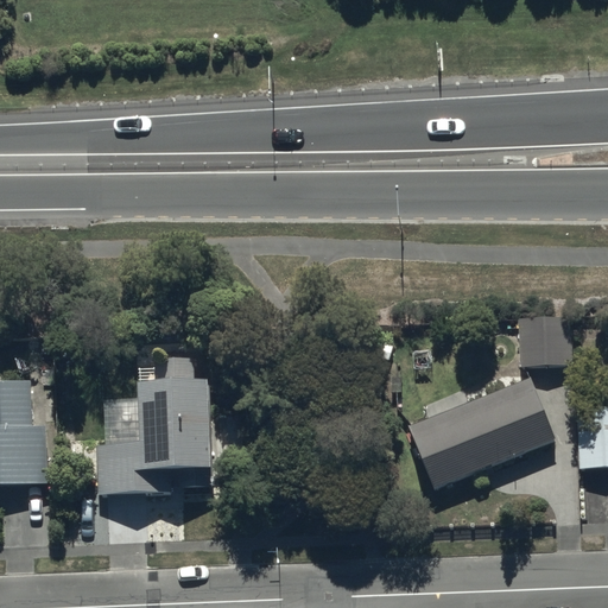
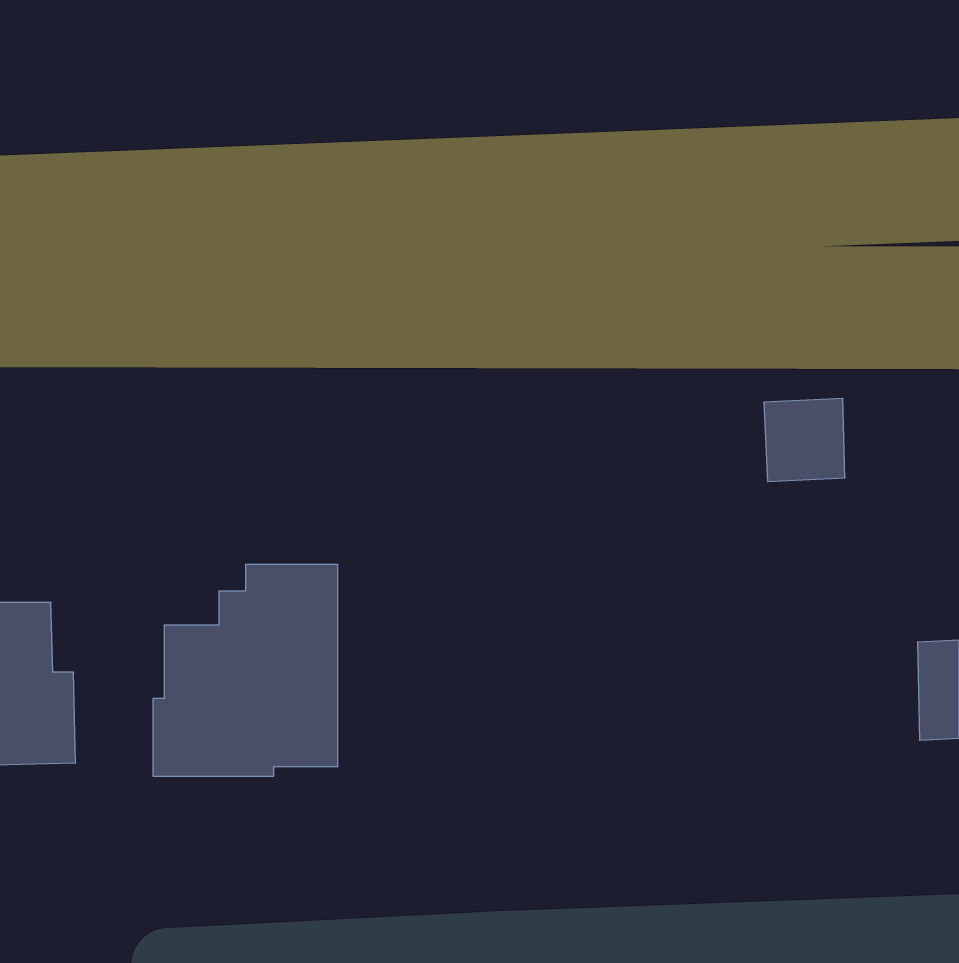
building: [518,314,569,366] -> [764,398,845,482]
building: [407,387,551,492] -> none

